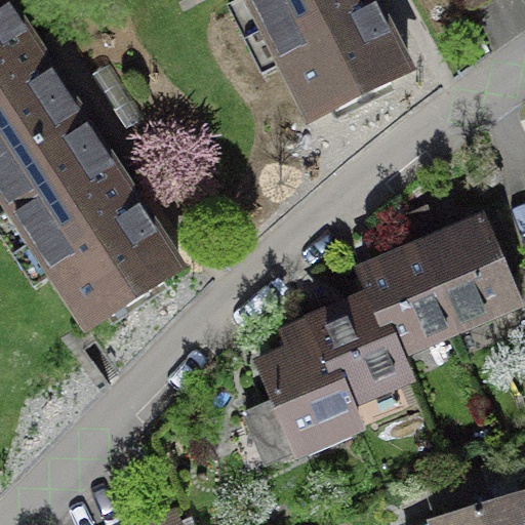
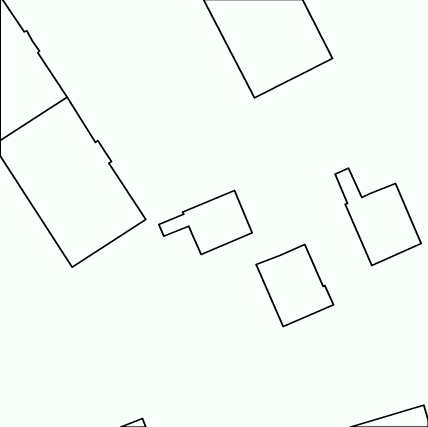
building: none -> [159,190,252,254]
building: [361,250,455,351] -> none
building: [246,324,359,461] -> none

